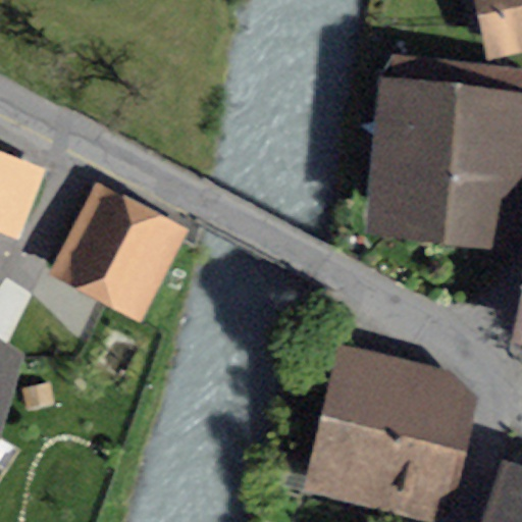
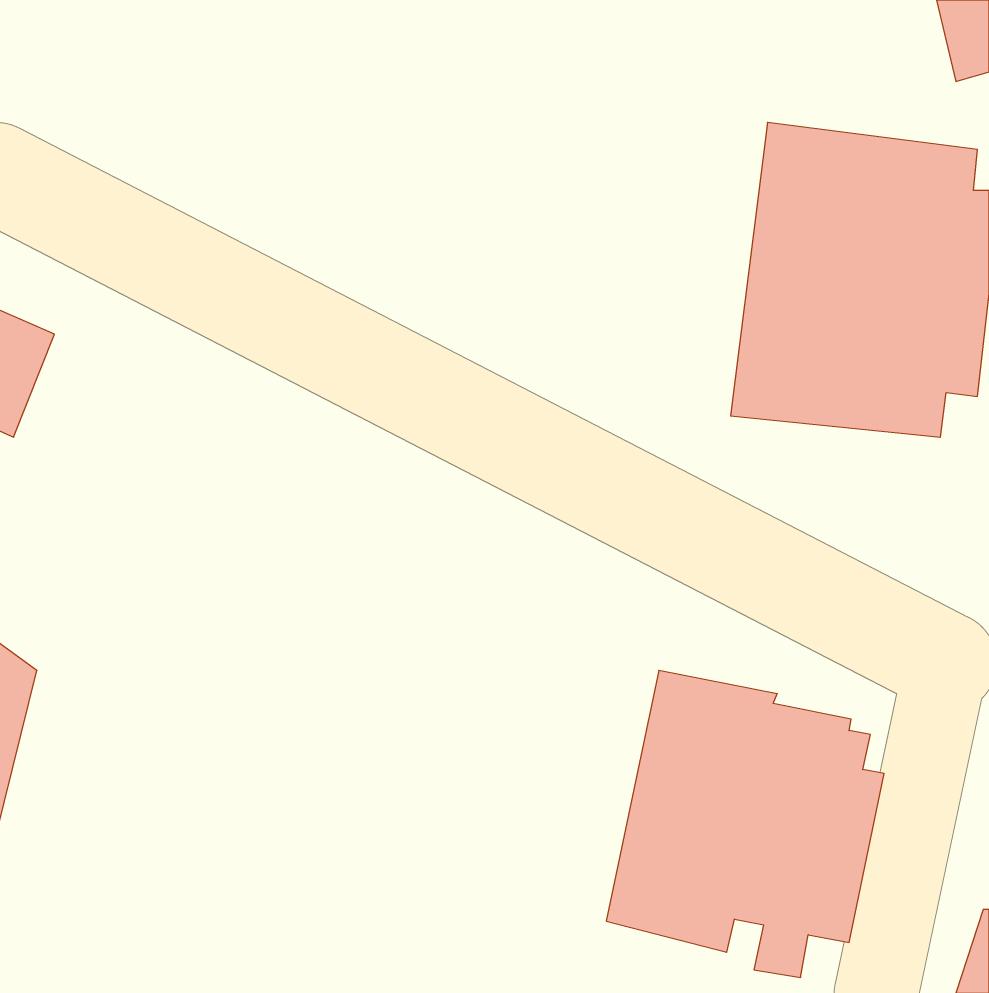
building: [58,196,174,311] -> none

